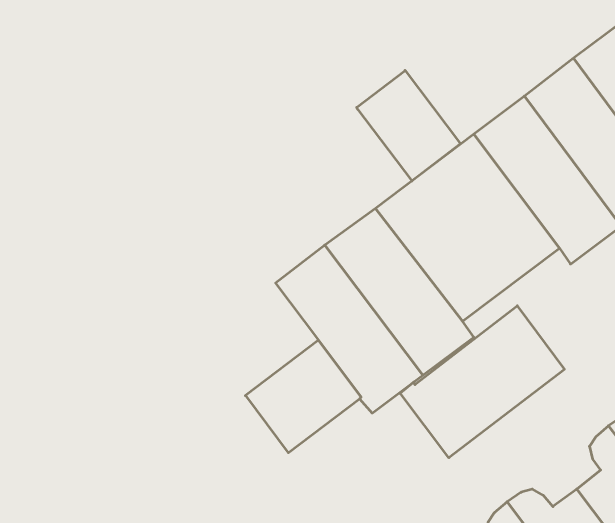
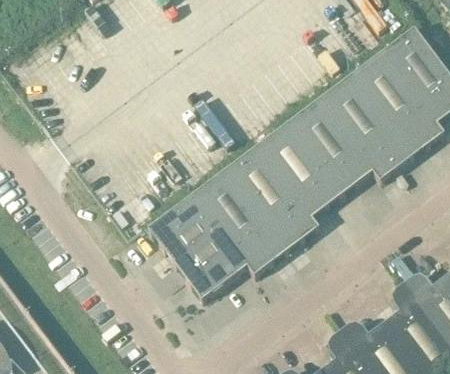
building: [357,70,460,181] -> none
building: none -> [148,192,221,263]
building: [400,306,564,458] -> none

